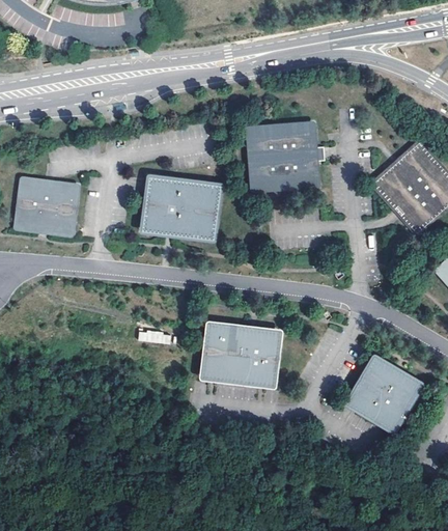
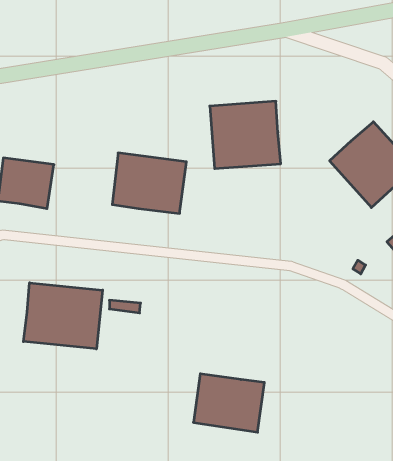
building: none -> [23,283,103,349]
building: [202,326,278,388] -> [193,374,264,432]
building: [344,354,422,431] -> none

